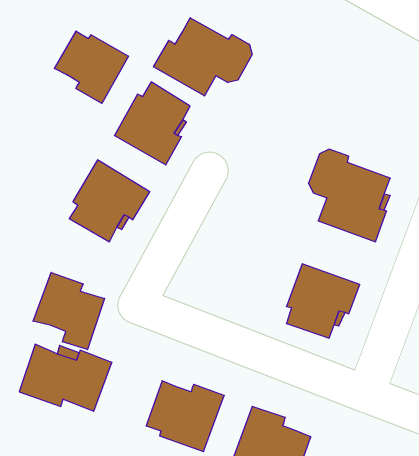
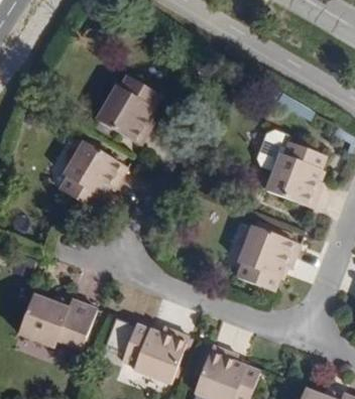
building: [154,18,252,96] -> none
building: [54,31,128,103] -> none
building: [33,272,105,350] -> none

